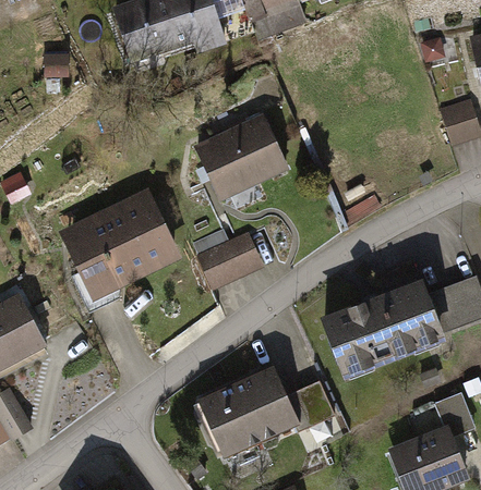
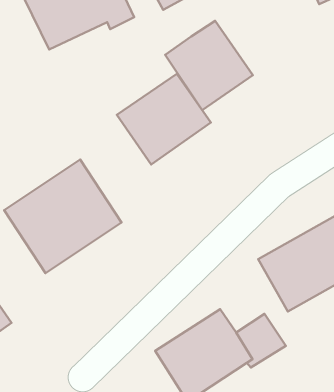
building: none -> [165,21,253,110]
building: [190,226,263,290] -> none

